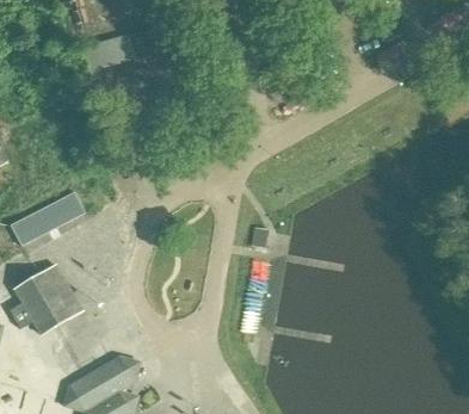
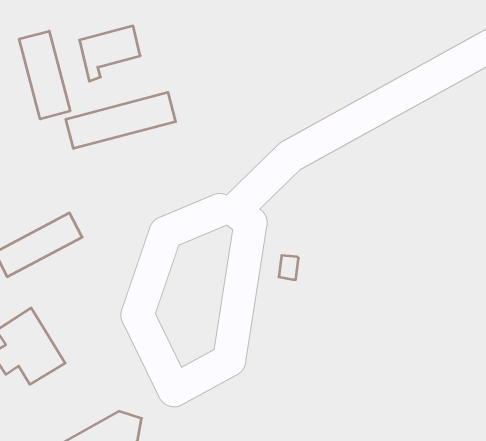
building: none -> [19,31,70,119]
building: none -> [66,92,176,149]

